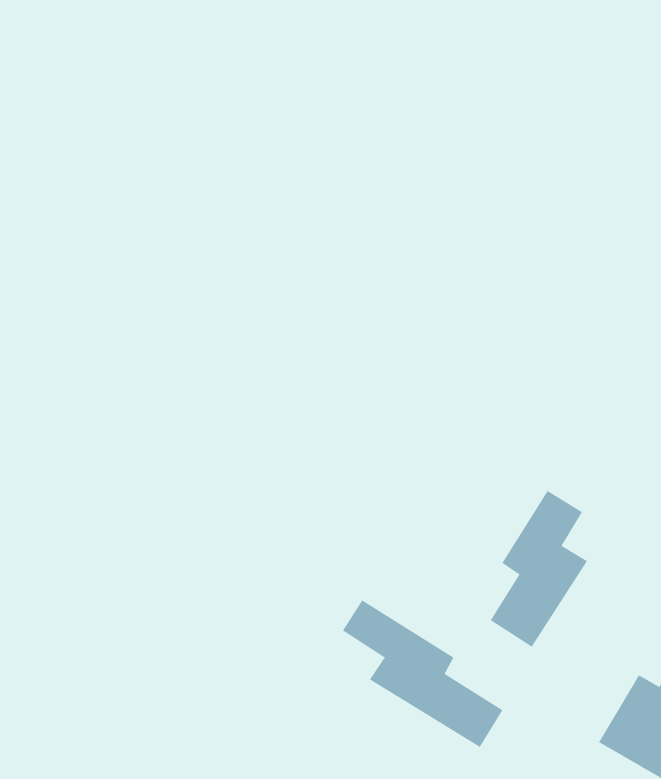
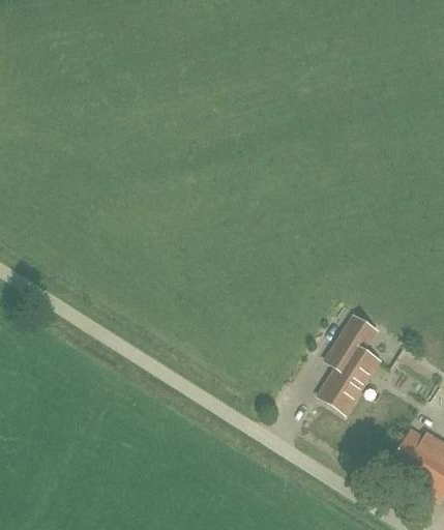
building: [342,599,503,748] -> none

